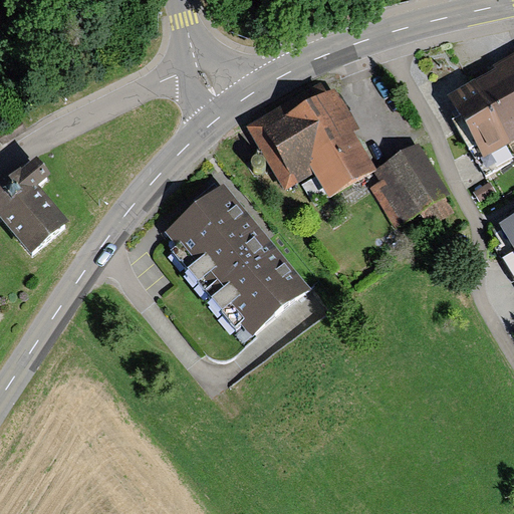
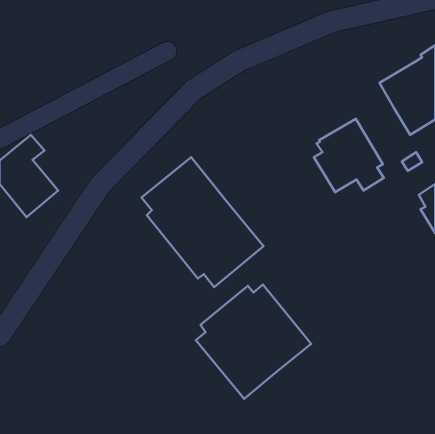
building: [246,79,376,196] -> none
building: none -> [196,284,311,399]

